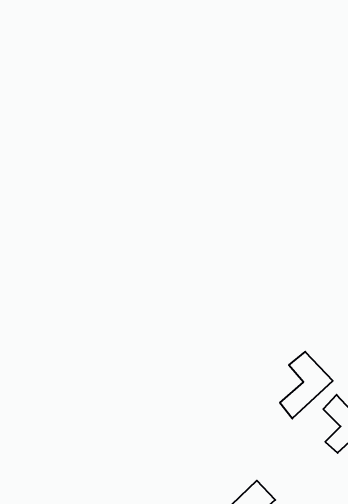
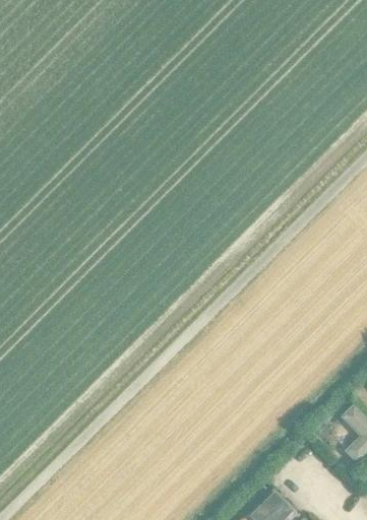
building: [280,352,333,419] -> none

